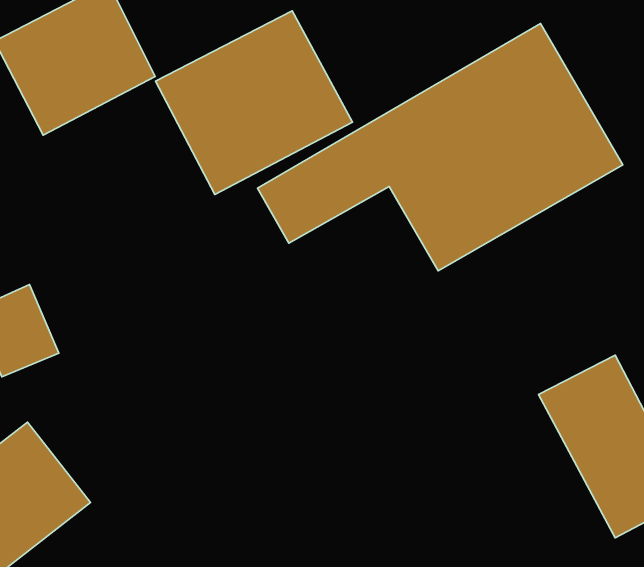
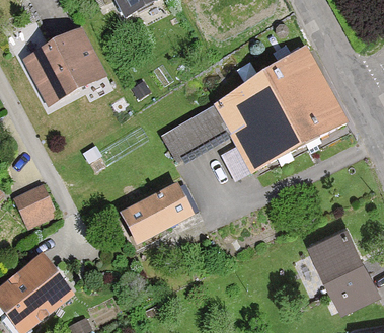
building: [156,11,353,195] -> none
building: none -> [120,181,194,243]

